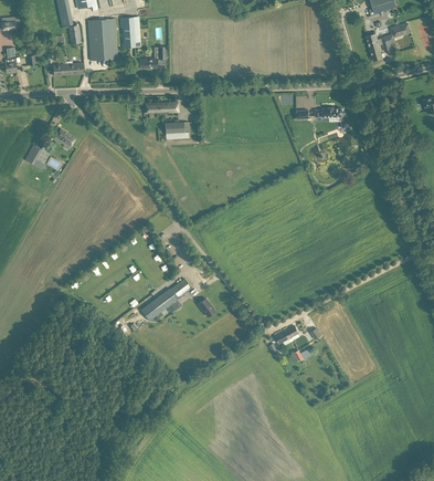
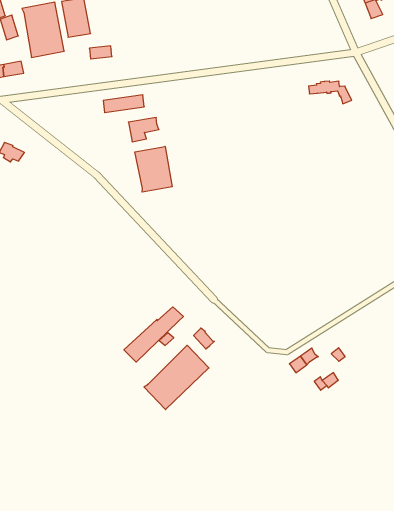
building: none -> [135,146,172,192]
building: none -> [144,345,209,410]

